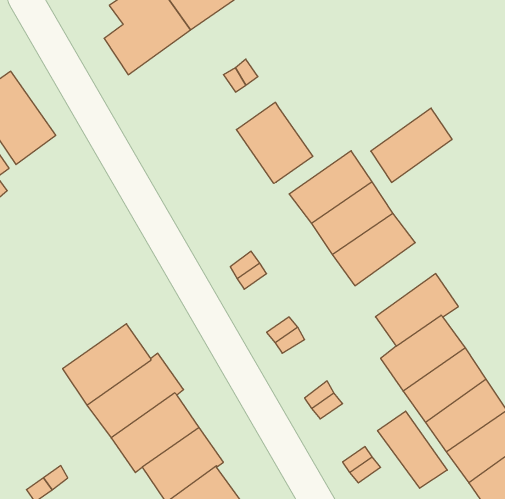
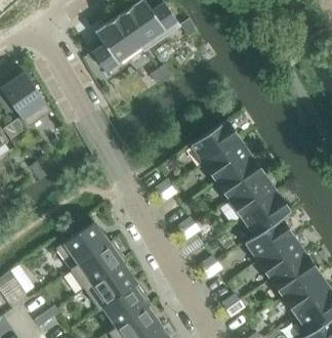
building: [236,102,313,183] -> none
building: [371,108,452,182] -> [229,173,277,217]
building: [378,411,447,488] -> none

